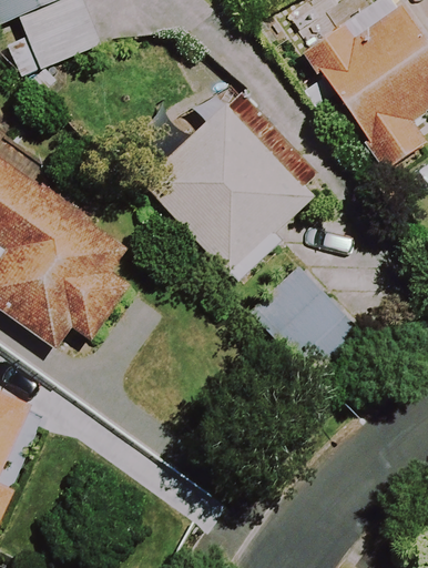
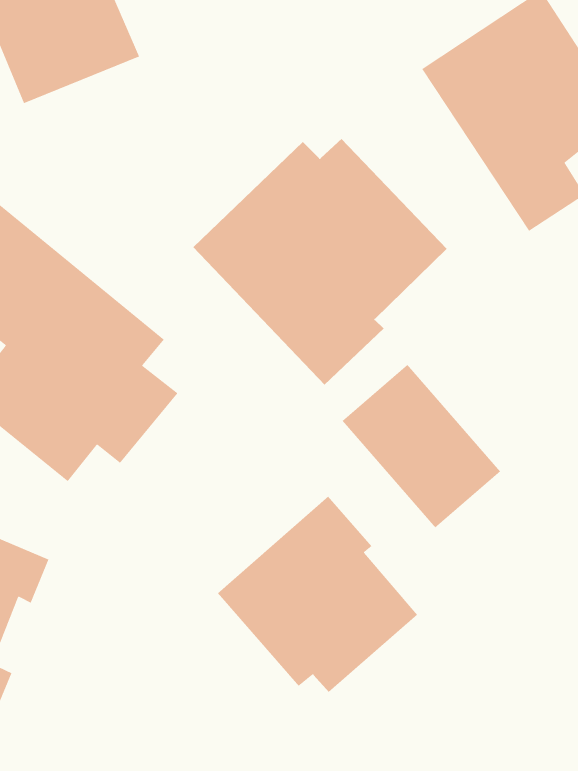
building: none -> [217,496,418,693]

